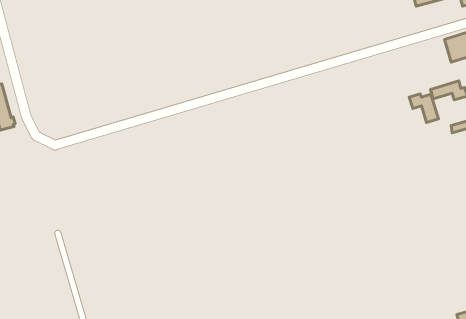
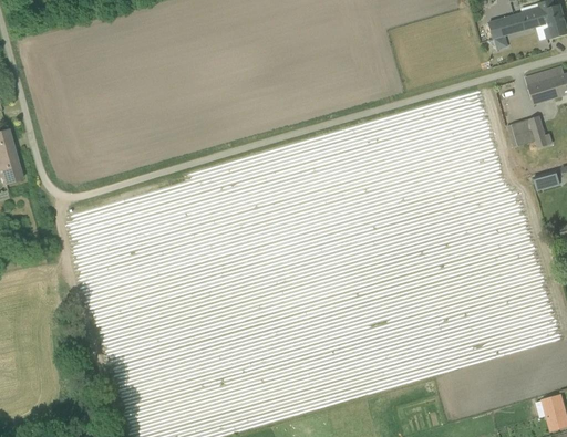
building: [409,94,438,123] -> none

